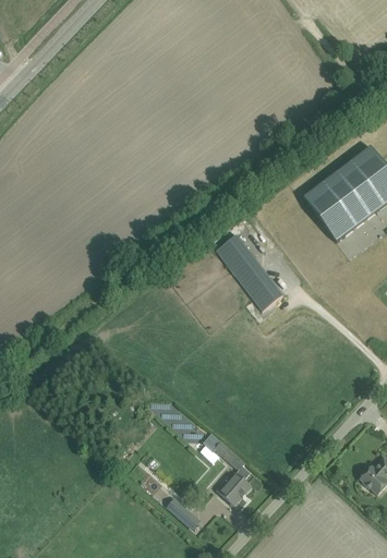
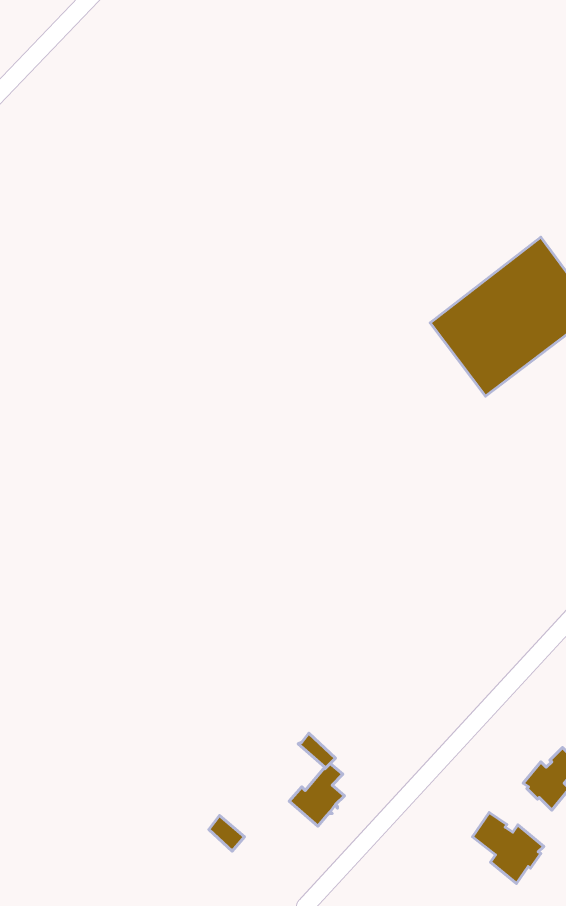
building: [216,233,283,311] -> none
building: none -> [473,812,544,884]

